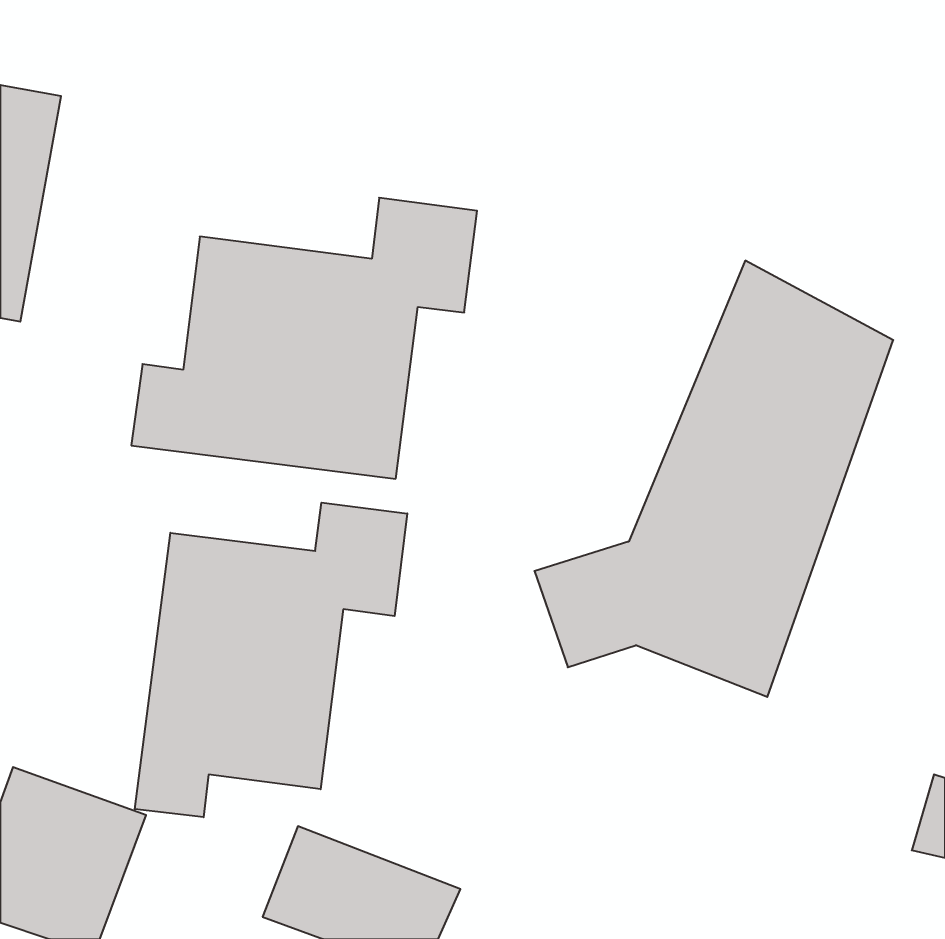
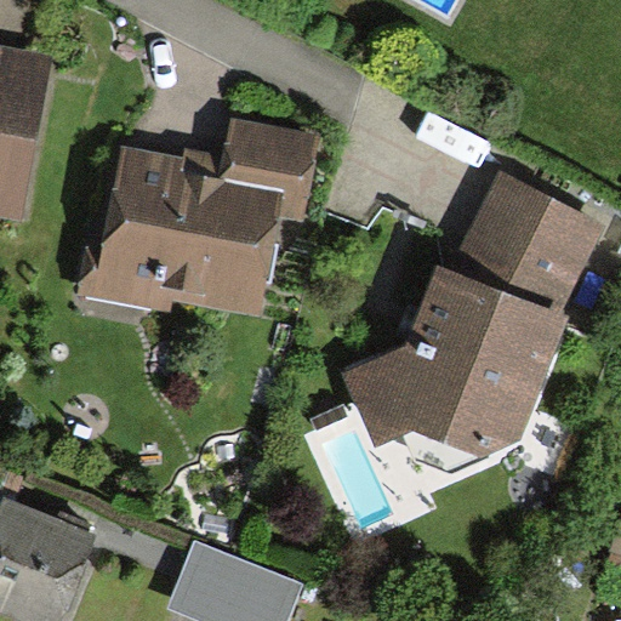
building: [135,503,407,817] -> none

